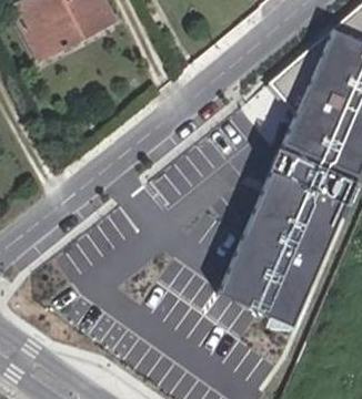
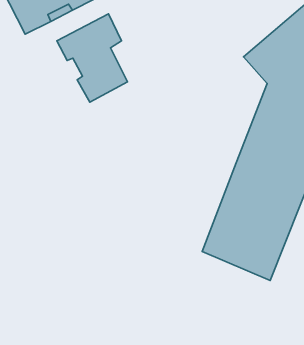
building: none -> [57,14,127,102]

